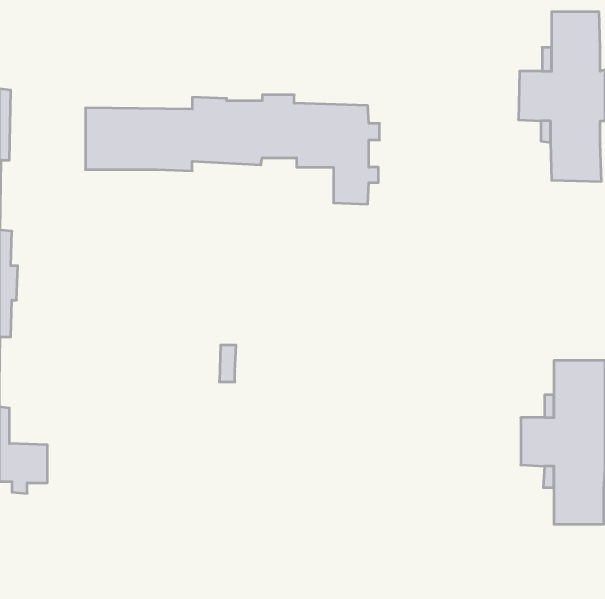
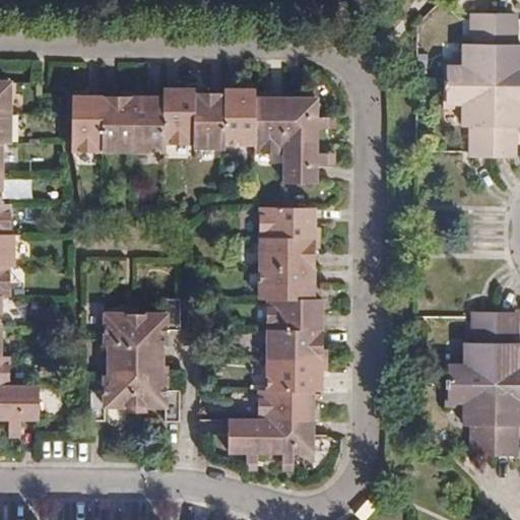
building: none -> [228,204,323,455]
building: none -> [92,301,182,421]

